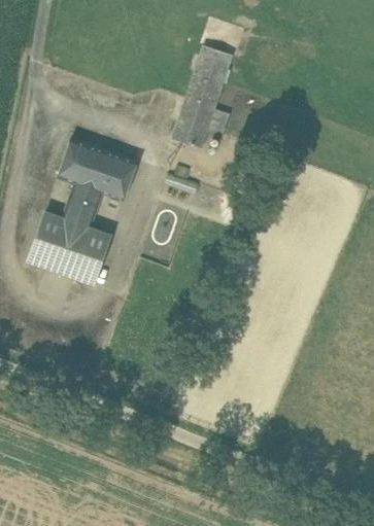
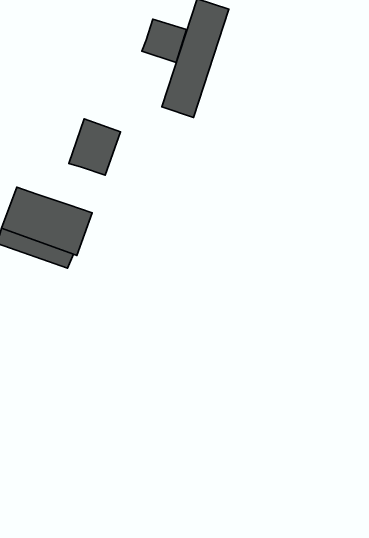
building: none -> [142,19,187,62]
building: [58,139,105,226] -> none

